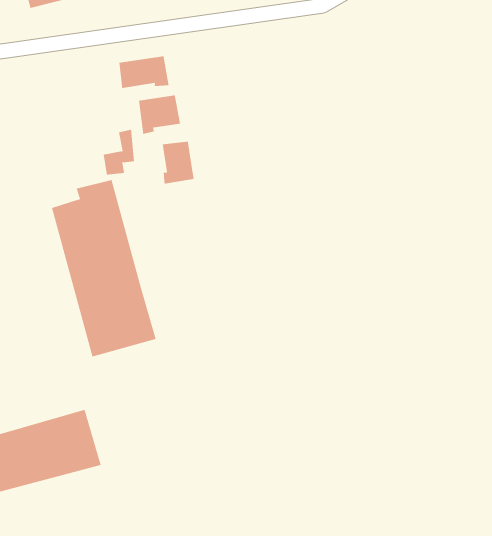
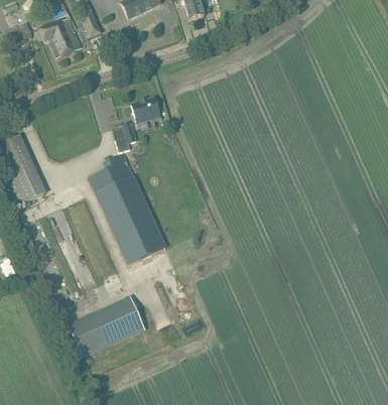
building: [119,56,169,89] -> none
building: [162,141,194,185] -> none

